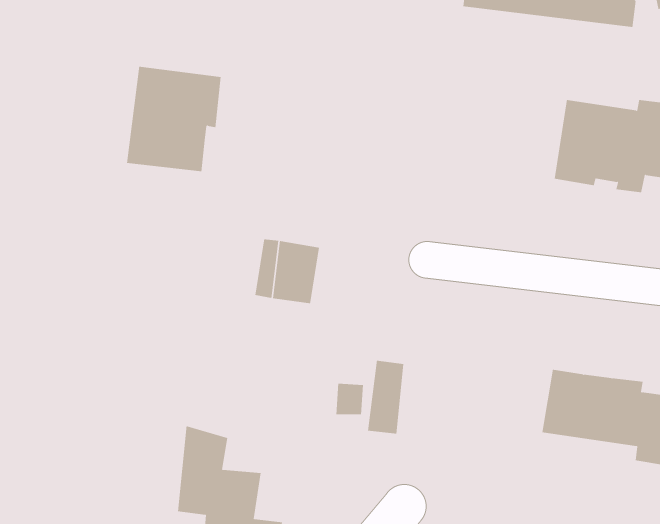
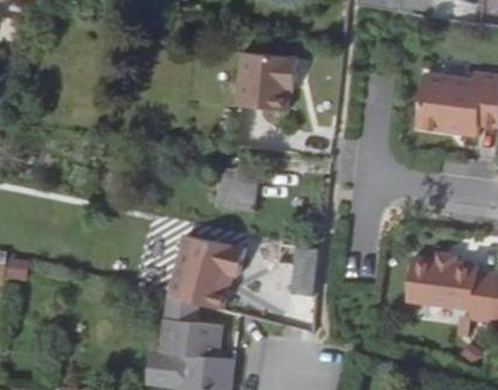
building: [126,66,221,172] -> [231,43,295,114]
building: none -> [168,234,245,308]

